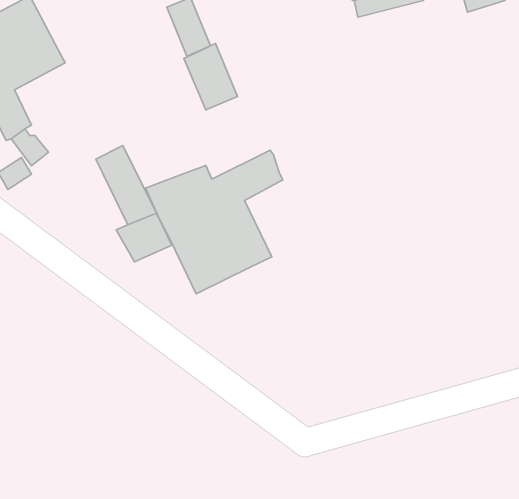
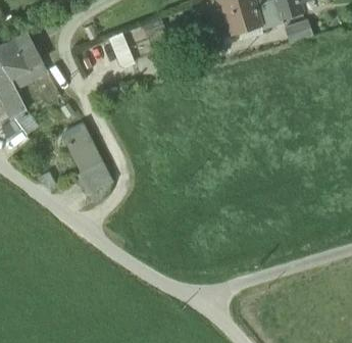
building: [184,44,238,110] -> none
building: [145,150,283,294] -> none

